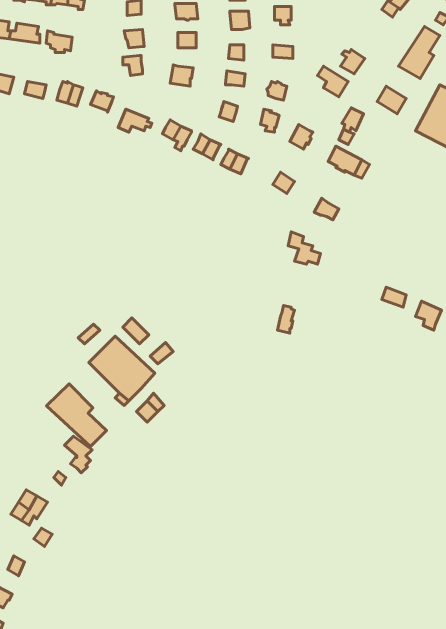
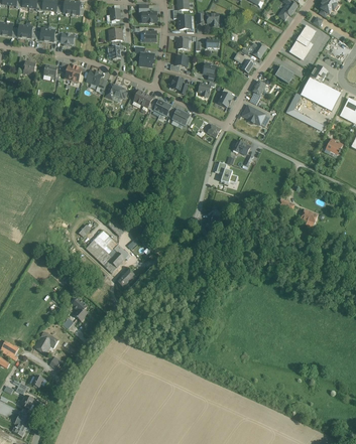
building: [46,384,106,446] -> none

